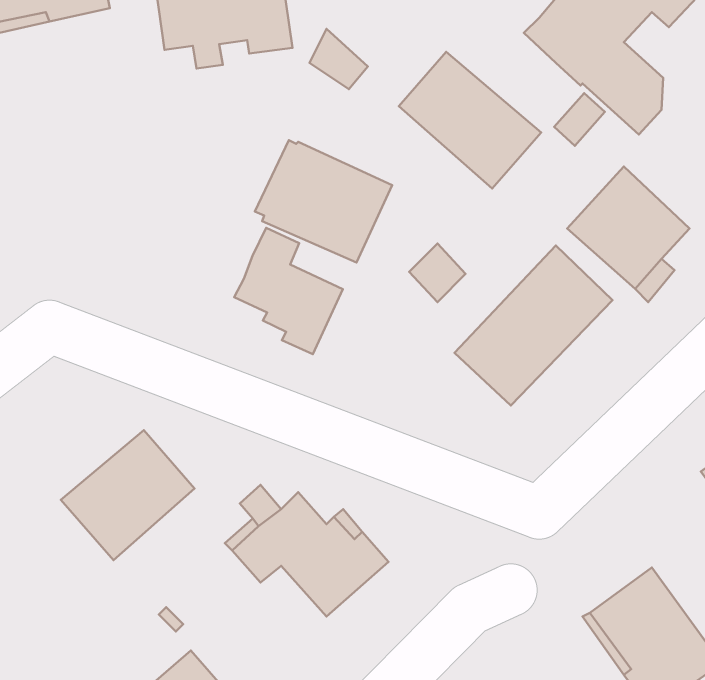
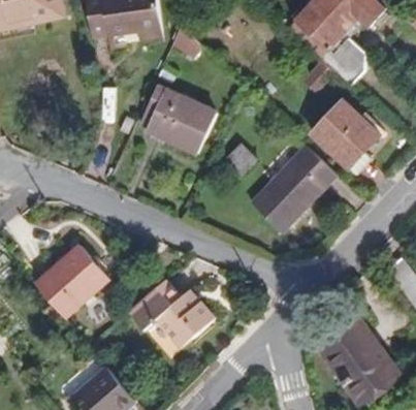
building: [399,52,541,188] -> none
building: [234,228,343,354] -> none

